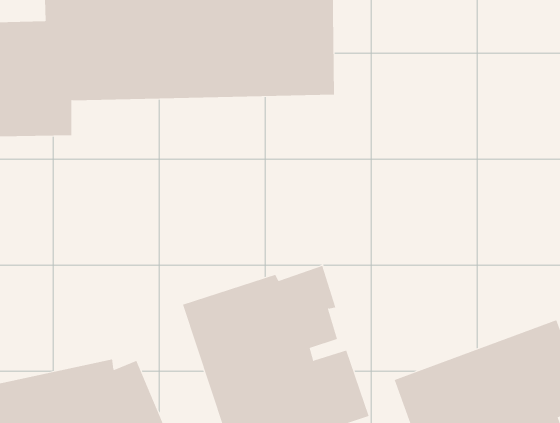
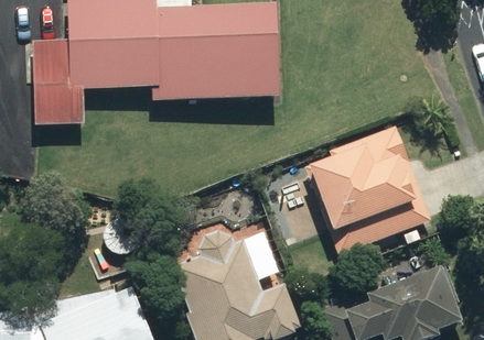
building: none -> [305,123,432,254]

